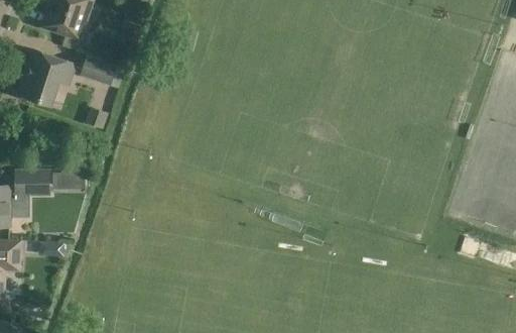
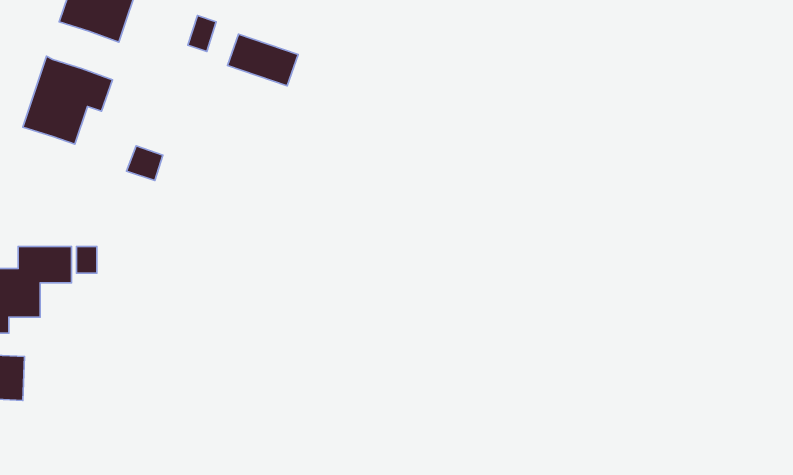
building: [80,54,125,88] -> [227,34,298,86]

